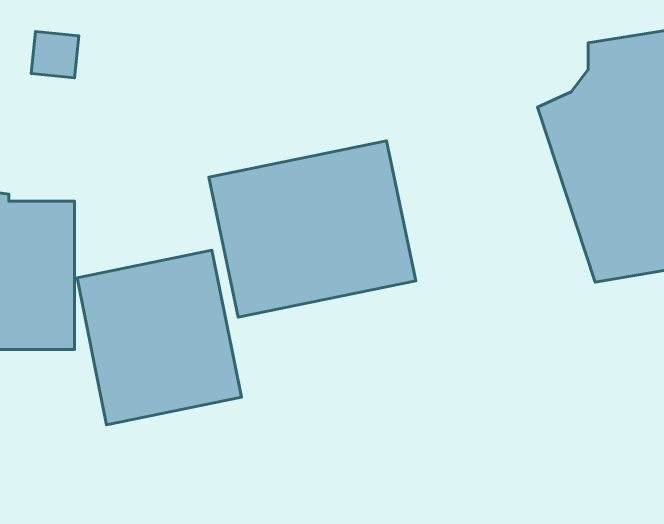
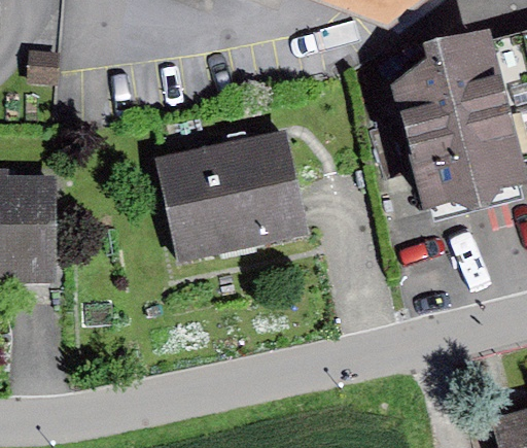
building: [77,250,241,425] -> none

